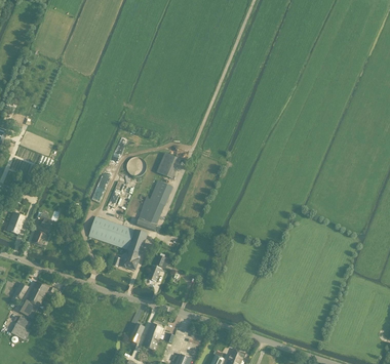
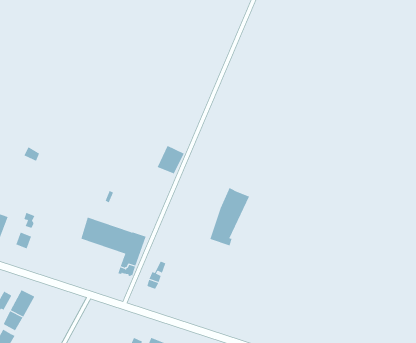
building: [135,178,171,231] -> [209,187,250,246]

